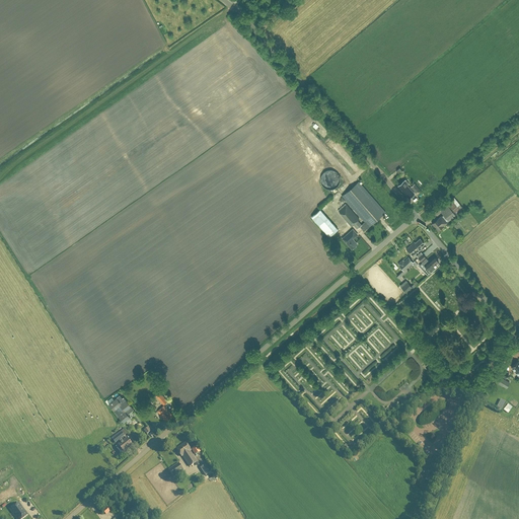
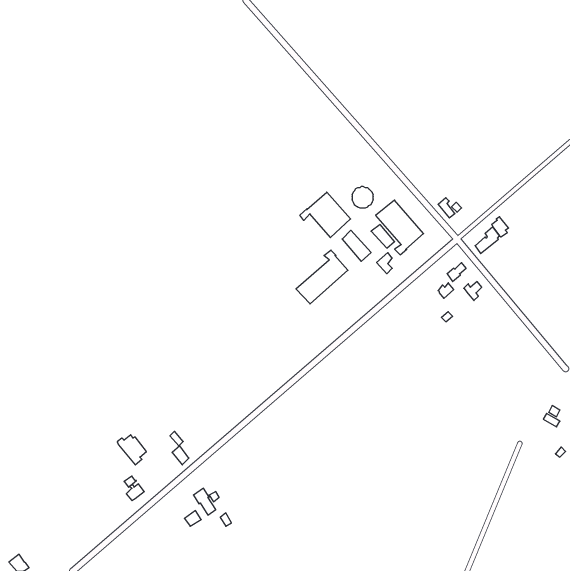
building: none -> [300,192,351,238]
building: none -> [296,250,348,304]

